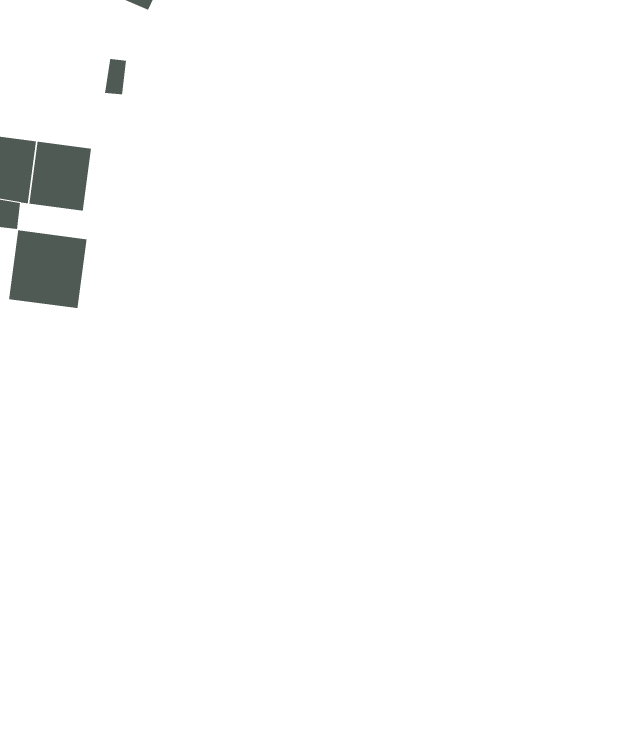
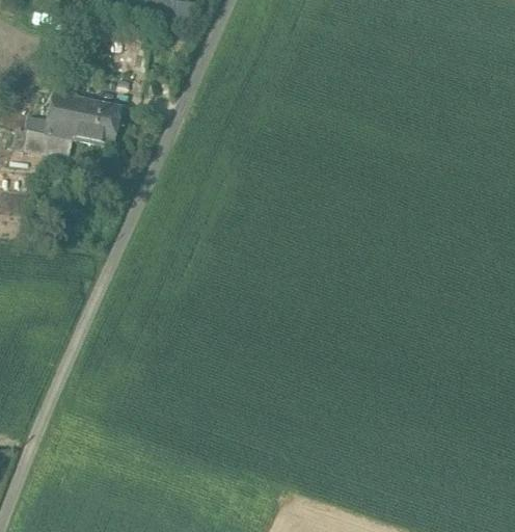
building: [8,230,87,309] -> none

